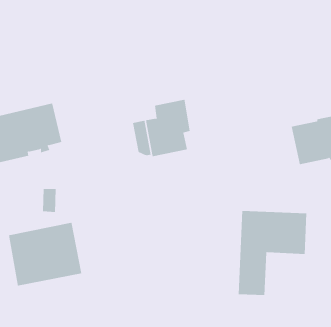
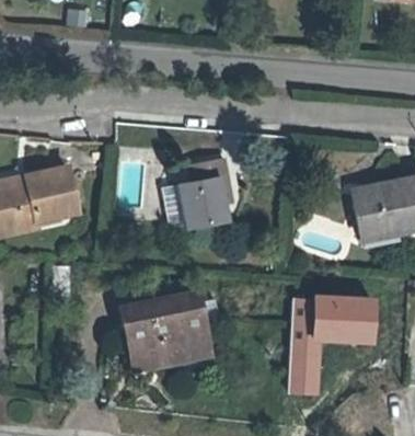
building: [8,222,82,286] -> [120,292,209,369]

